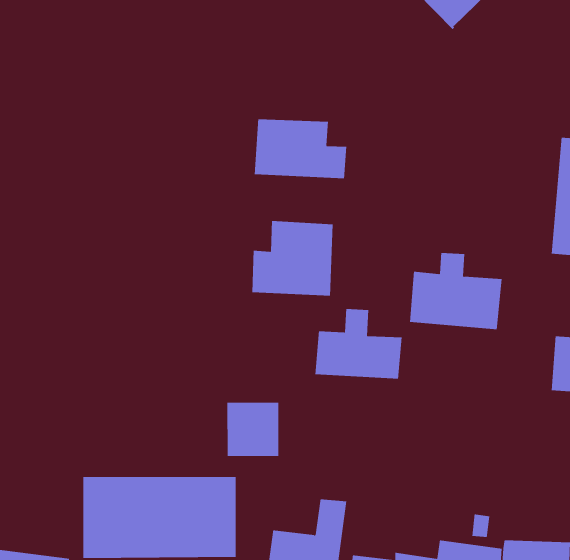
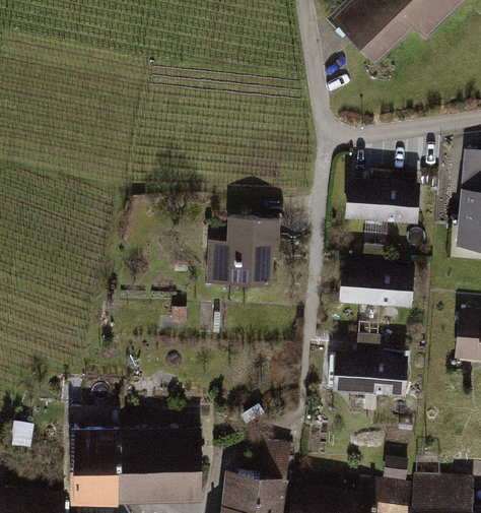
building: [254,119,347,179] -> none
building: none -> [346,173,420,223]
building: [314,308,403,379] -> [334,336,406,394]
building: [227,402,279,457] -> none

